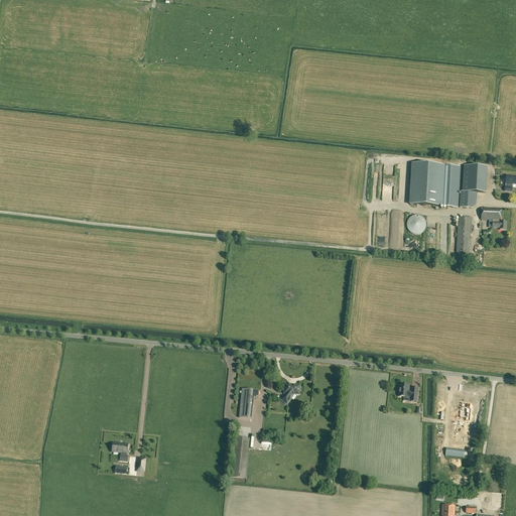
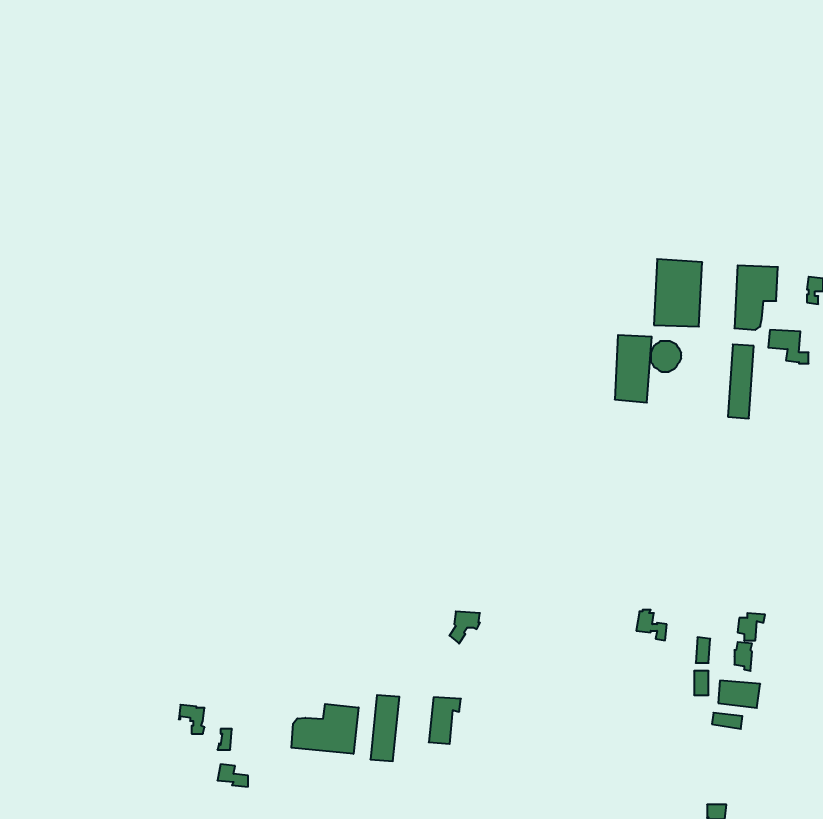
building: [437,164,461,207] -> [615,335,652,403]
building: [239,388,259,417] -> [429,697,461,744]
building: none -> [291,704,359,754]

